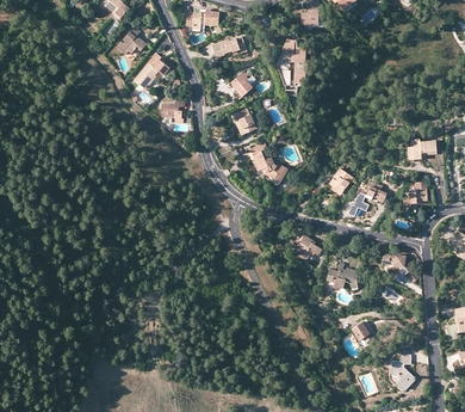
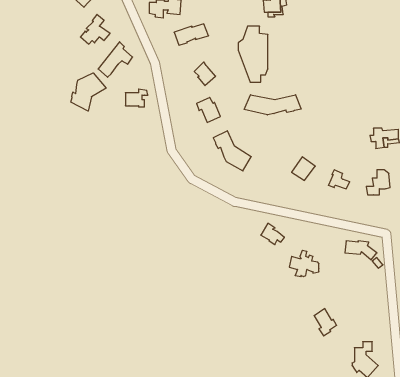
building: none -> [71,73,106,111]
building: none -> [244,95,301,115]

